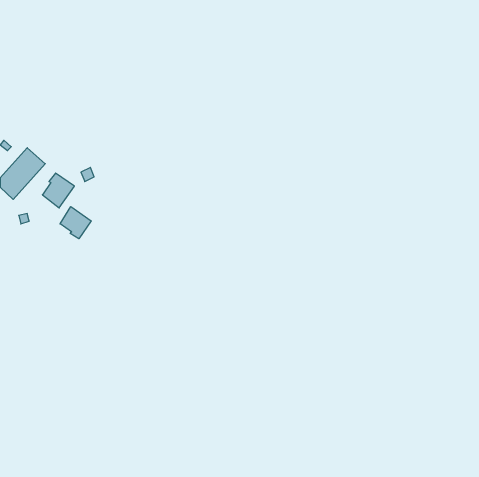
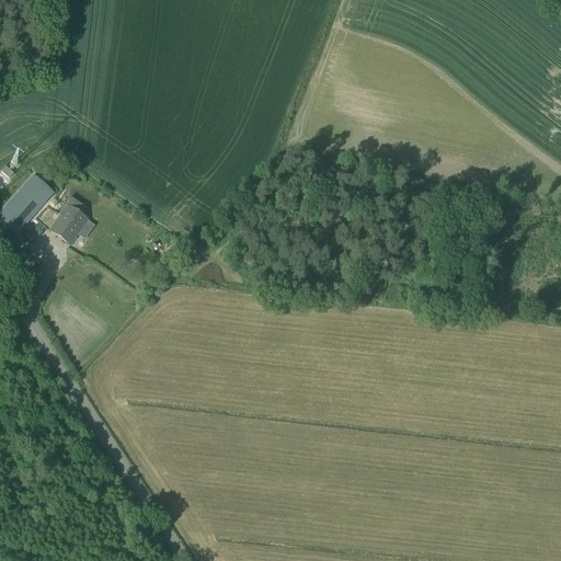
building: [60,207,91,239] -> none

